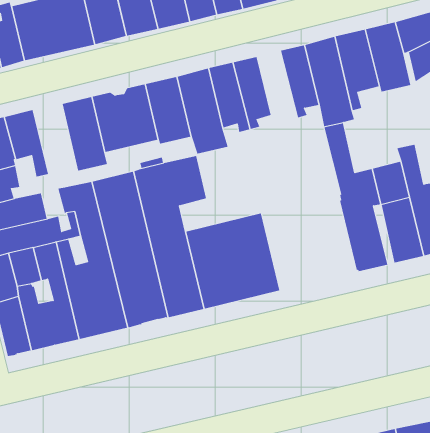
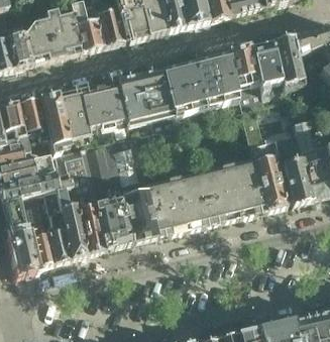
building: none -> [196,54,224,104]
building: none -> [38,92,70,152]
building: none -> [199,155,265,223]

